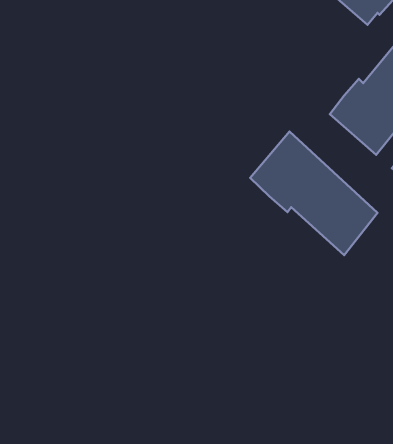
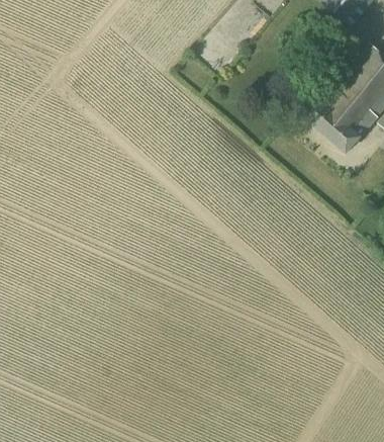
building: [250,131,378,255] -> none

